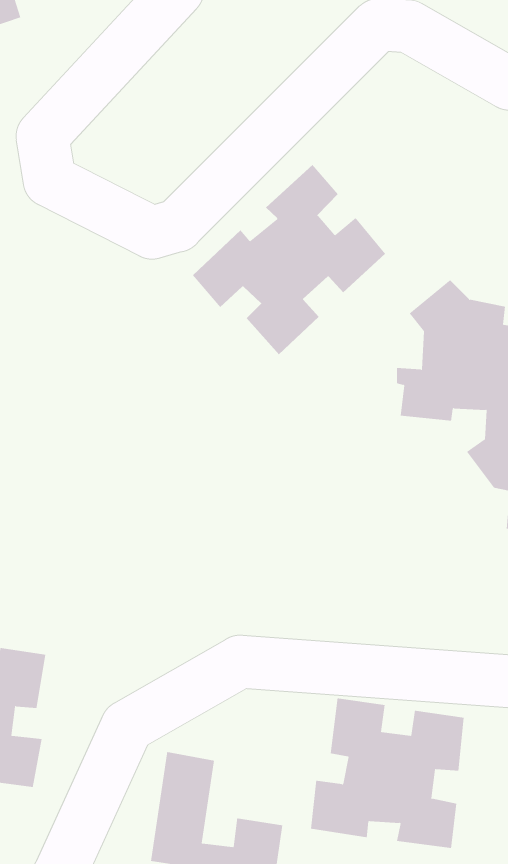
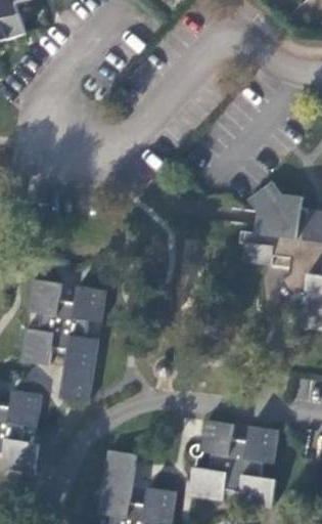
building: [192,164,386,355] -> none
building: none -> [24,279,104,400]

